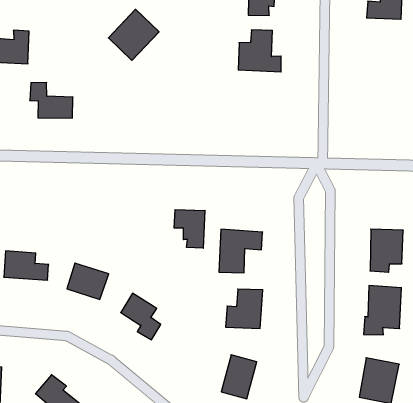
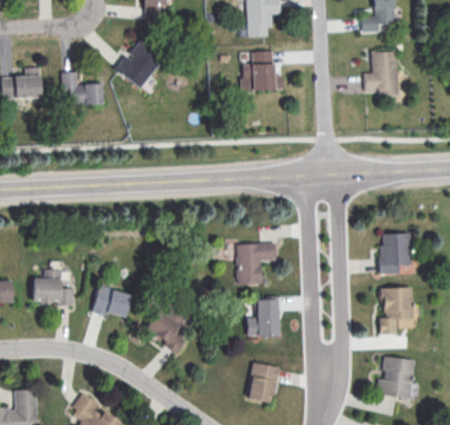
building: none -> [365,51,398,96]
building: [30,83,73,118] -> [62,71,104,105]
building: [174,210,205,248] -> none

